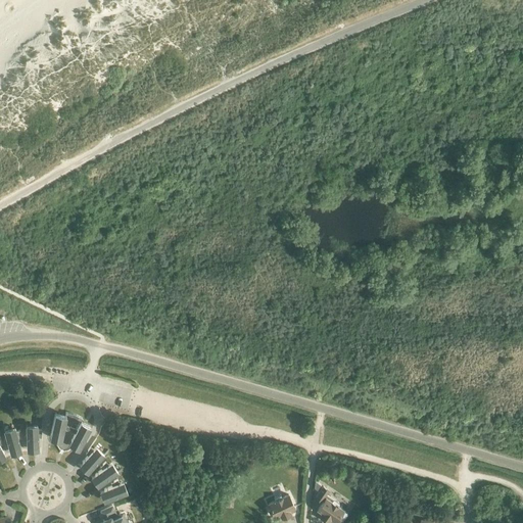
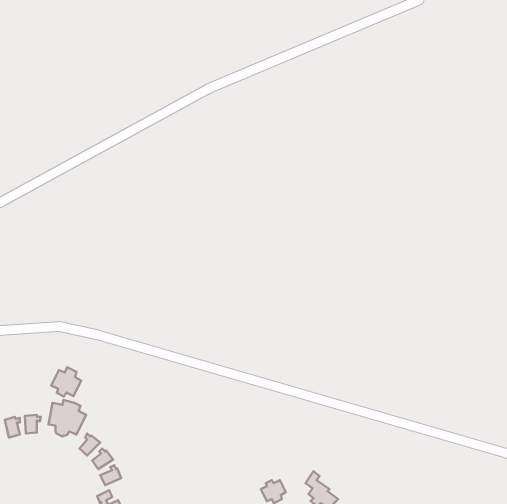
building: none -> [51,367,81,396]

